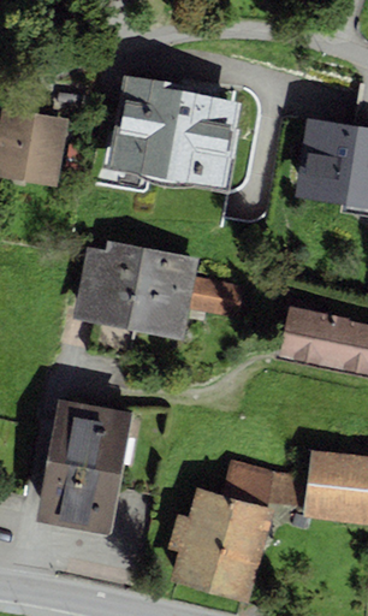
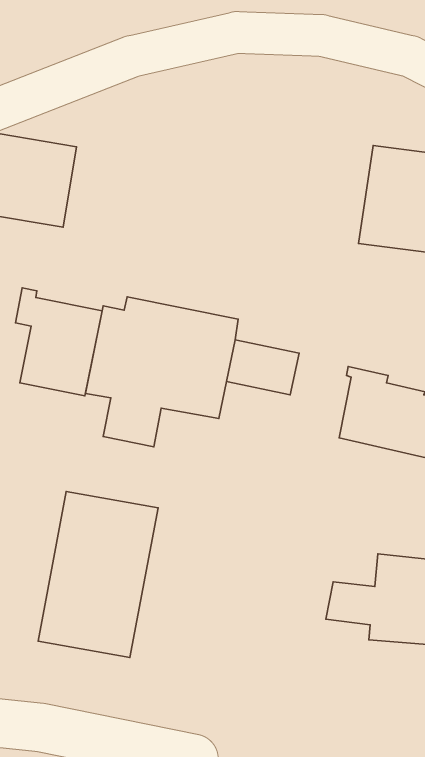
building: [106,75,241,190] -> none
building: none -> [15,288,102,396]
building: [167,461,274,605] -> none

